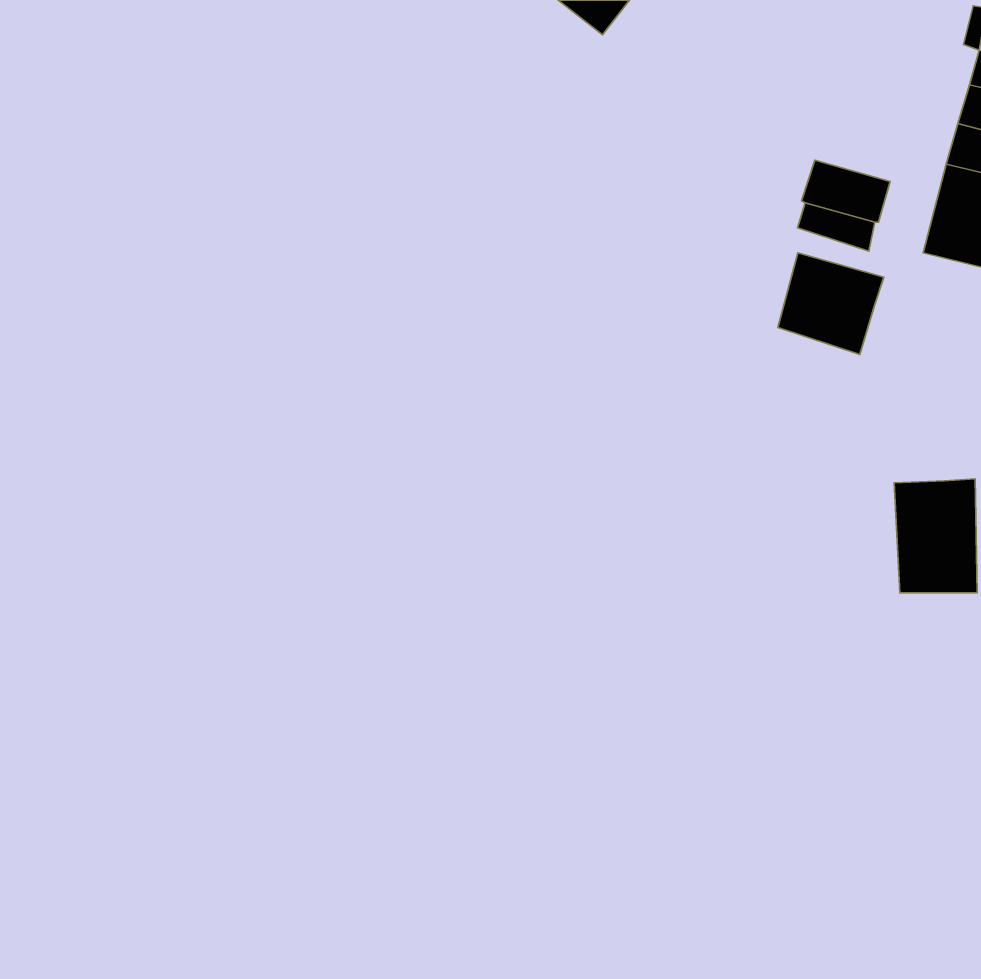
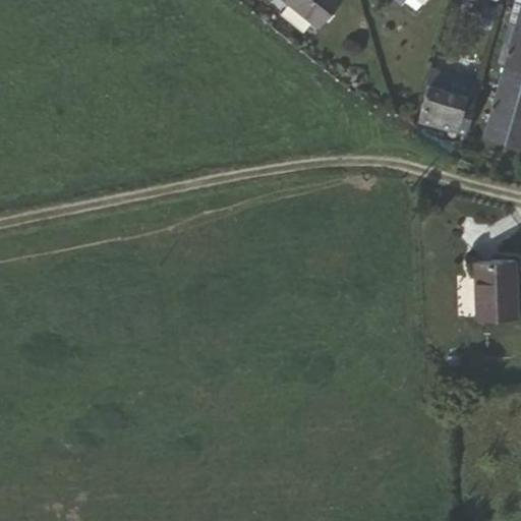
building: [778,253,884,355] -> none

